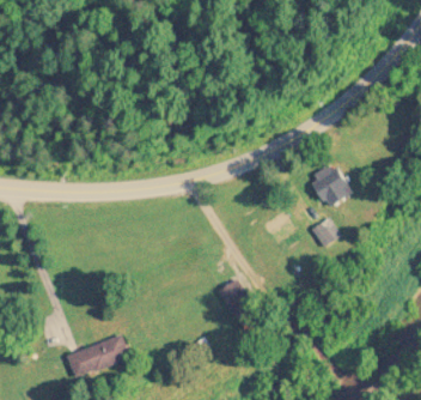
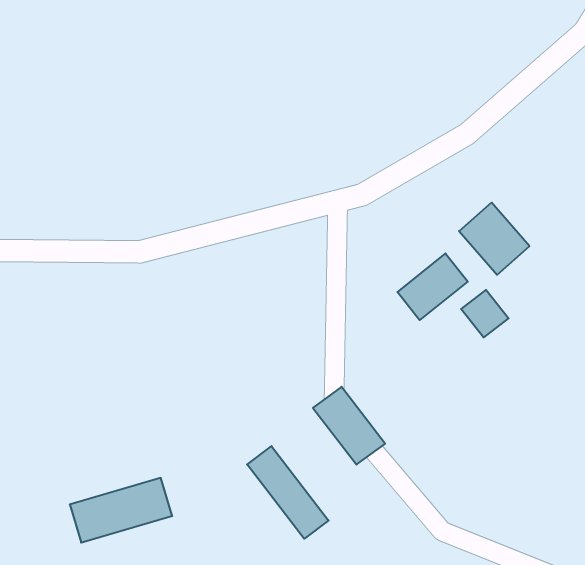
building: none -> [397,253,468,320]
building: none -> [247,446,329,539]

